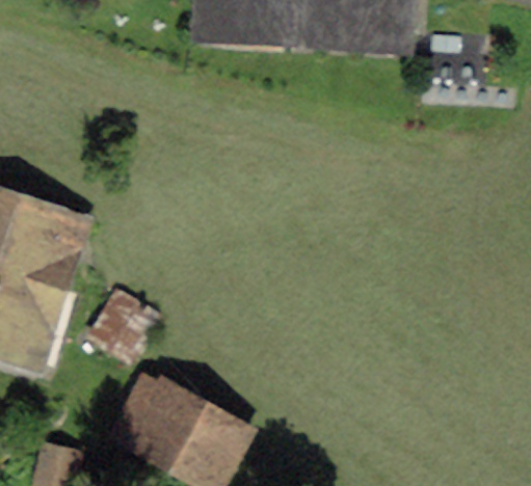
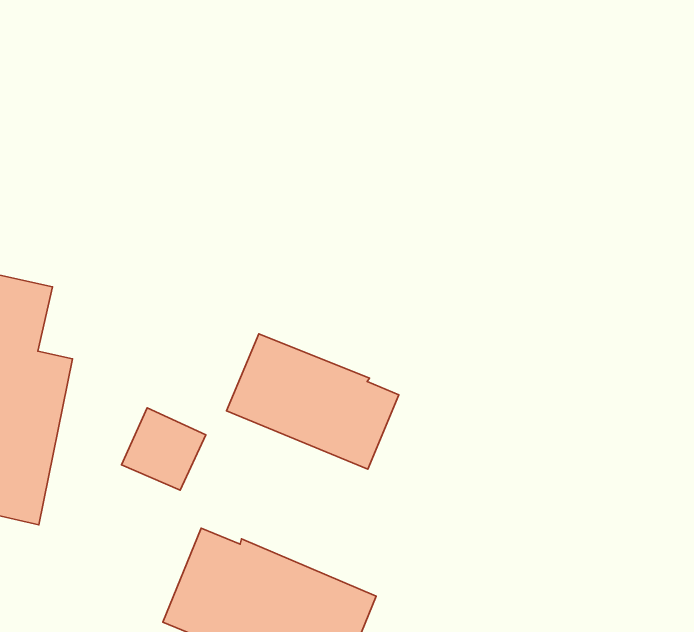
building: none -> [226,334,399,469]

